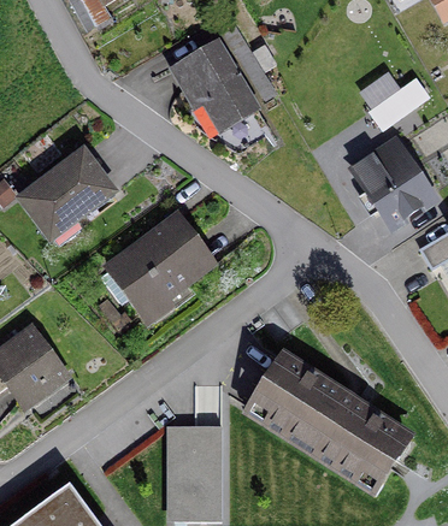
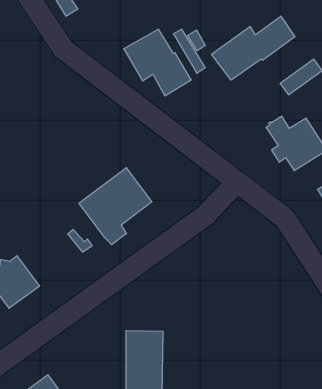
building: none -> [212,16,295,80]
building: [20,152,111,237] -> none
building: [250,361,405,486] -> none

